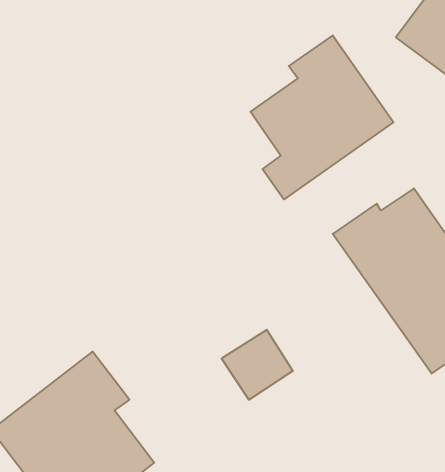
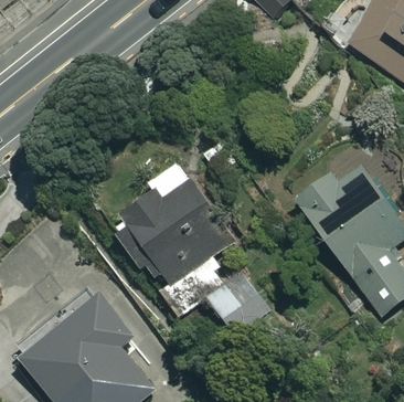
building: [251,35,393,199] -> none
building: none -> [107,162,230,306]

